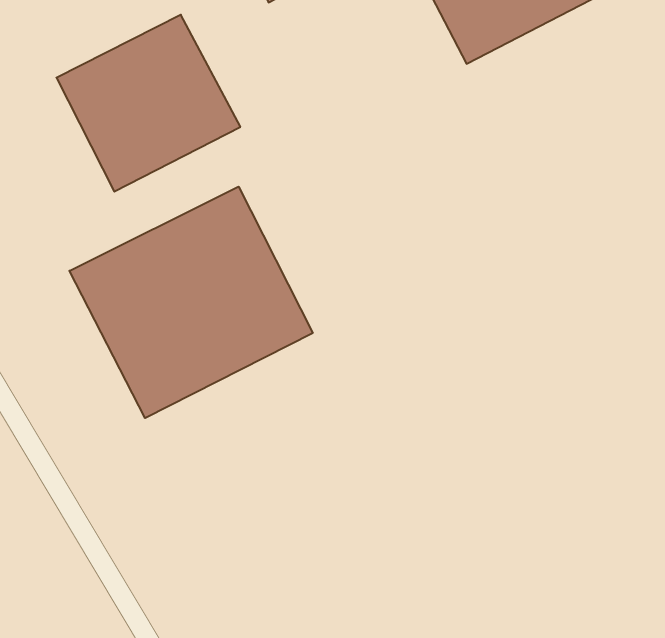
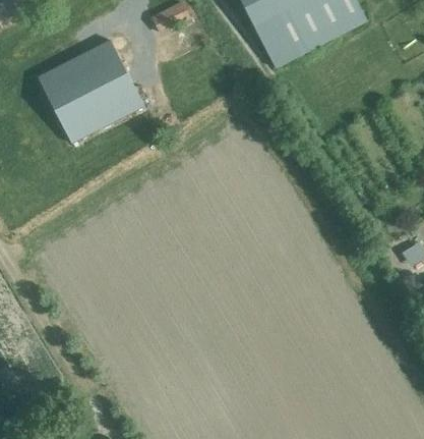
building: [69,187,313,418] -> none

